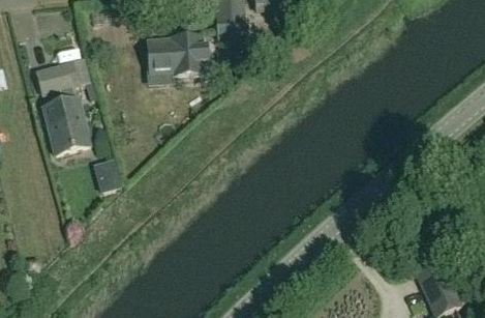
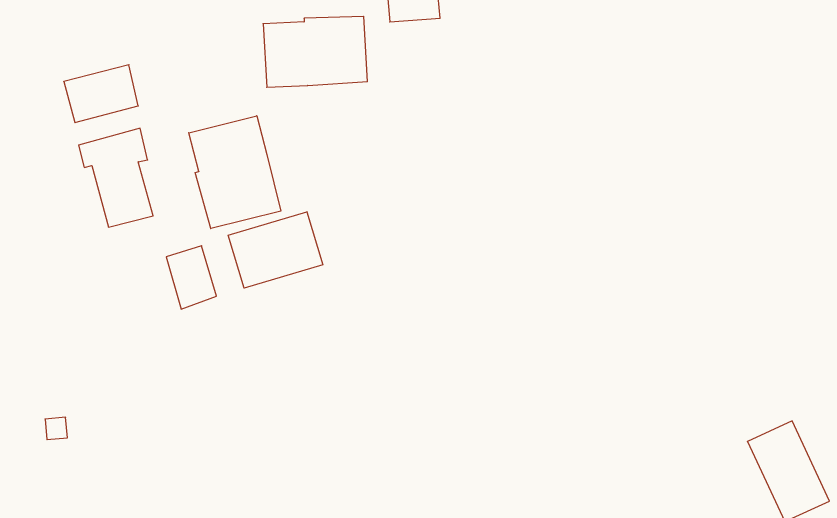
building: none -> [189,116,281,229]
building: none -> [228,212,323,288]

